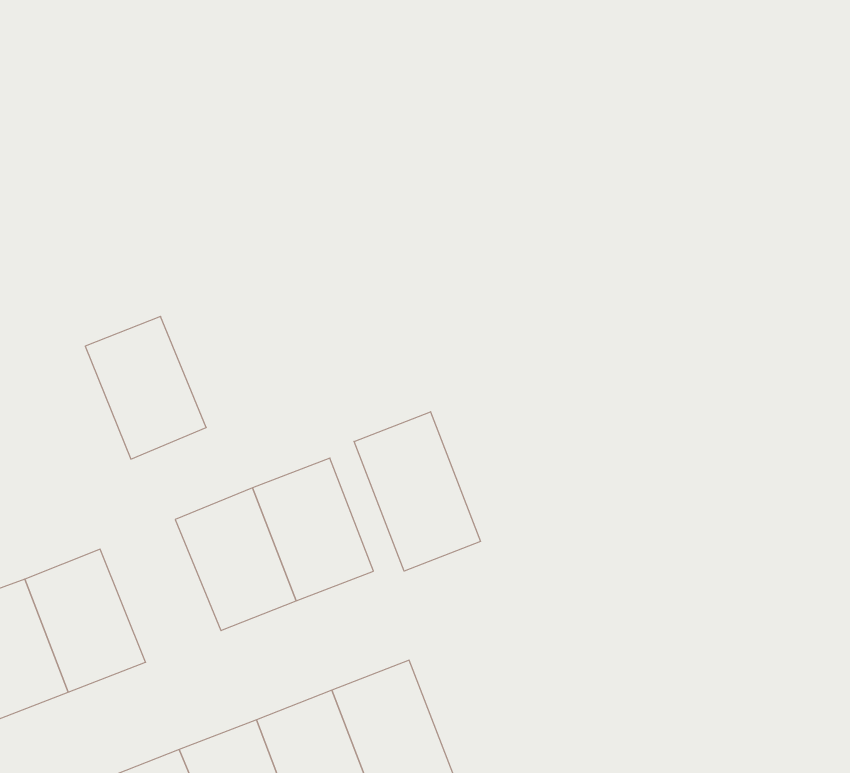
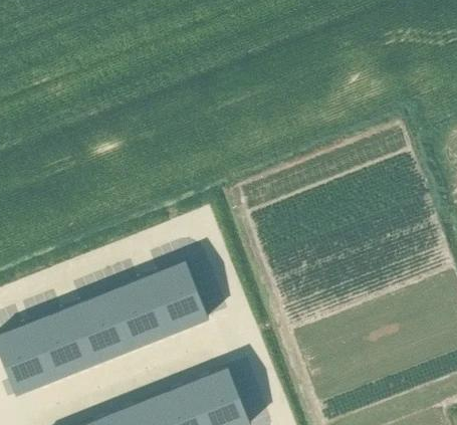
building: [85,316,206,459] -> [69,294,131,367]
building: [354,412,481,571] -> none

